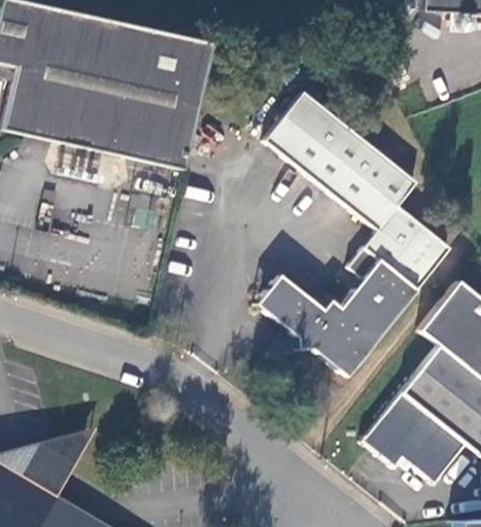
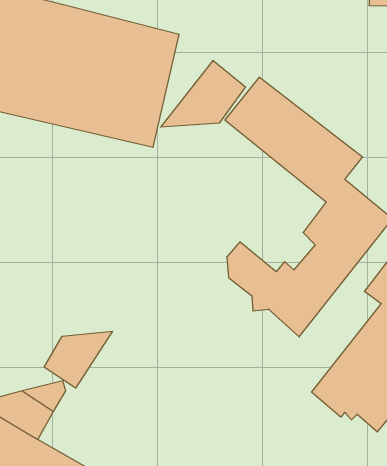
building: none -> [161,60,245,127]
building: none -> [44,331,112,388]

